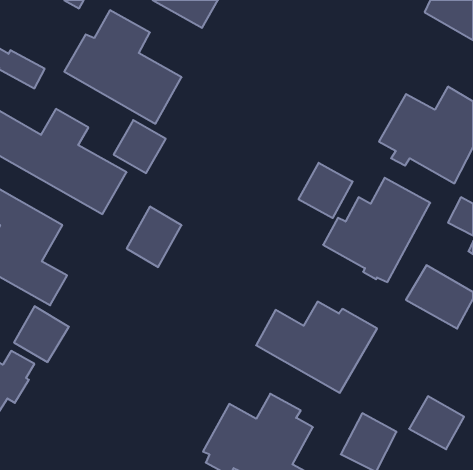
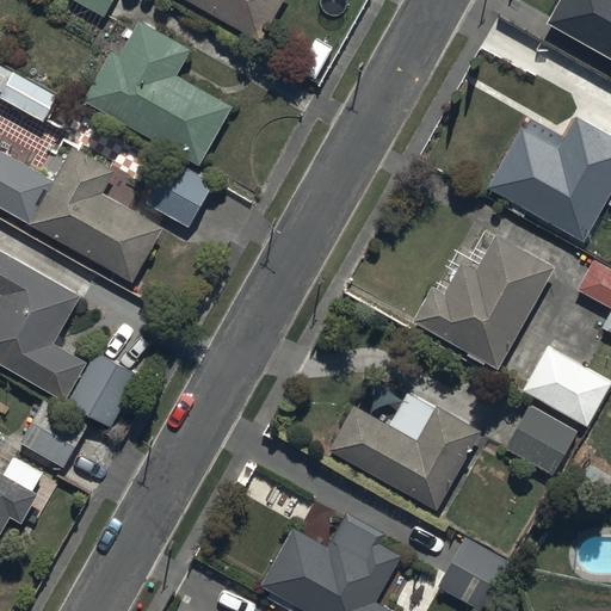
building: [299,163,353,218] -> none
building: [127,207,182,267] -> [67,351,137,428]
building: [409,396,464,449] -> [505,408,575,476]

